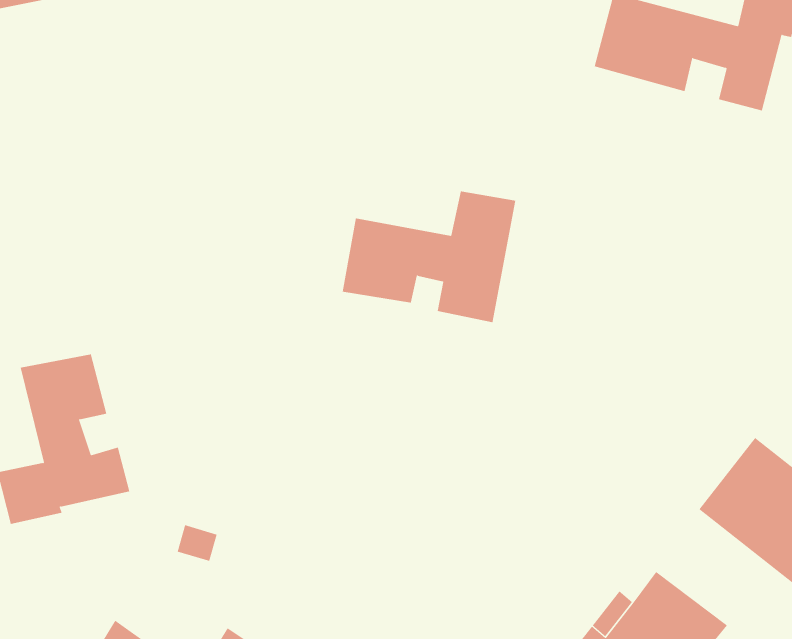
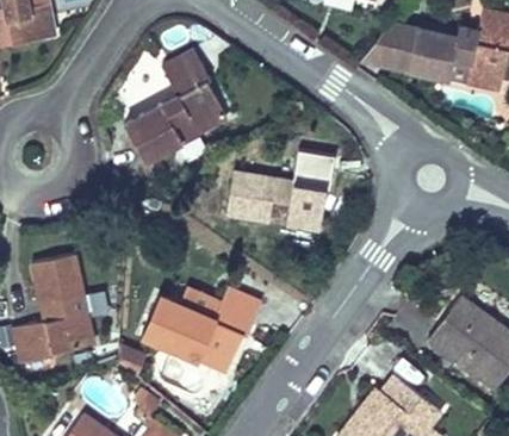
building: none -> [119,42,226,162]
building: none -> [136,286,248,366]

